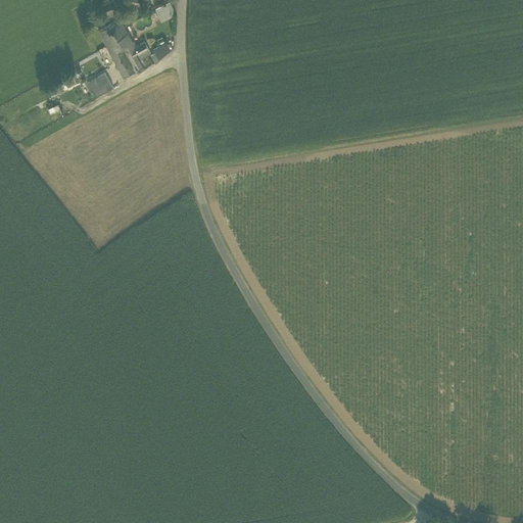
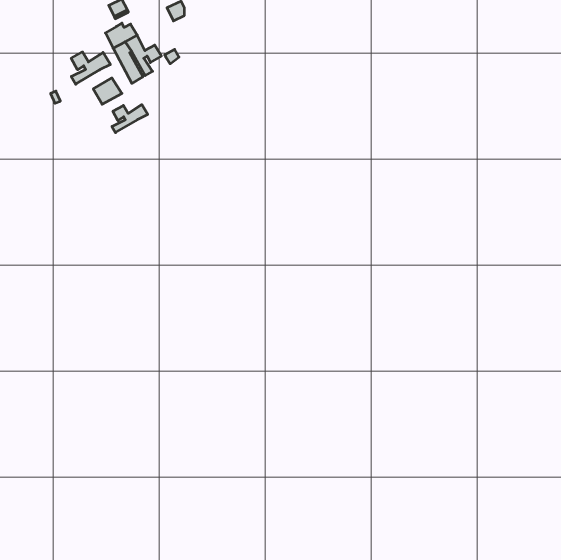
building: none -> [71,52,110,84]
building: none -> [112,105,148,133]

